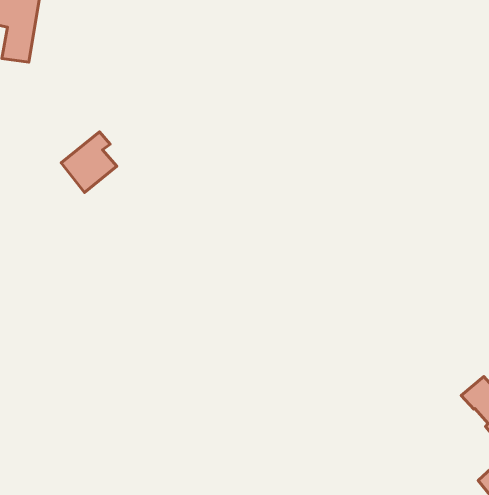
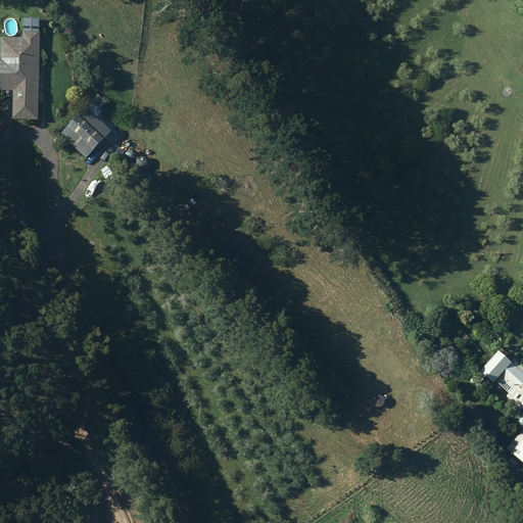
building: [61,132,117,192] -> [60,101,112,159]

